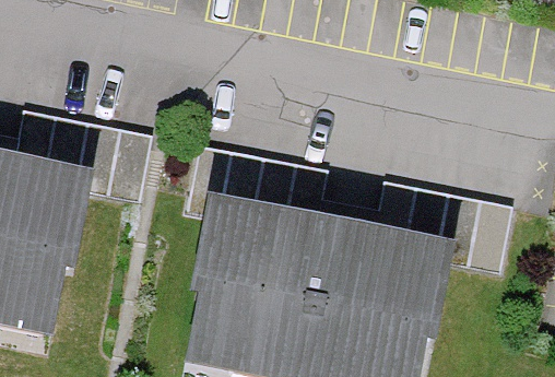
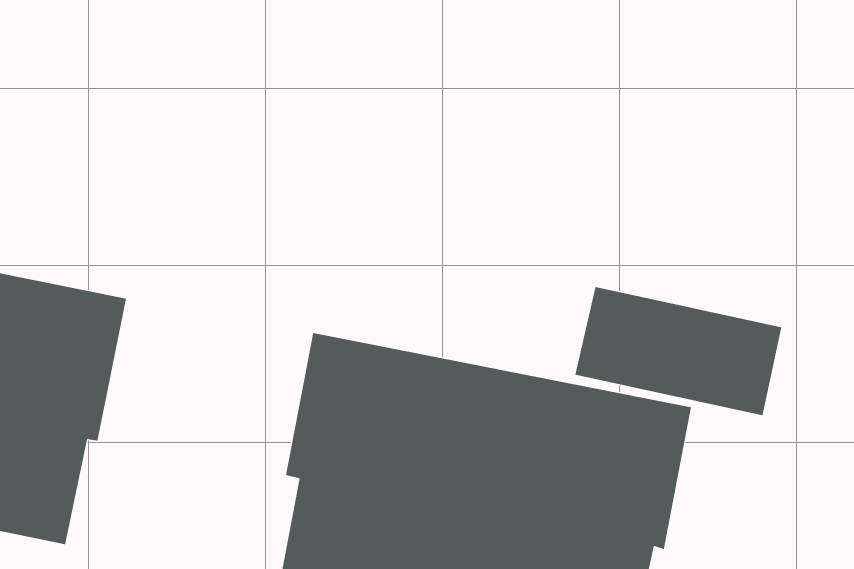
building: [12,111,144,192] -> none
building: [189,146,321,227] -> none

